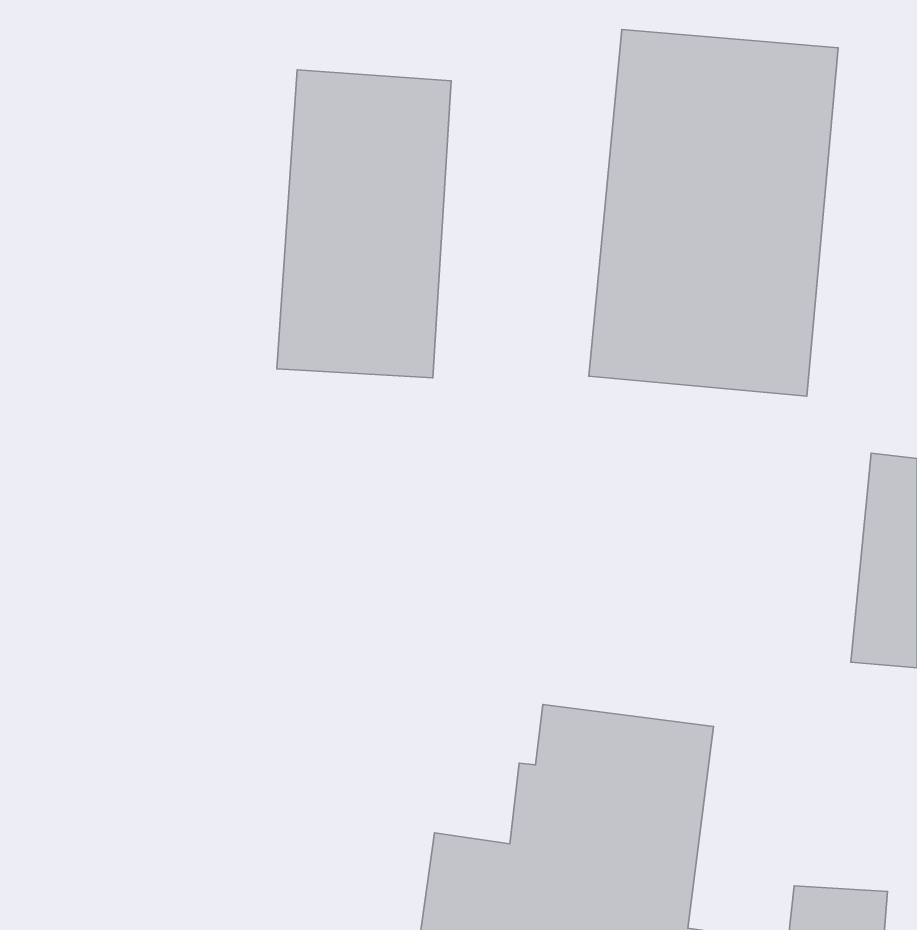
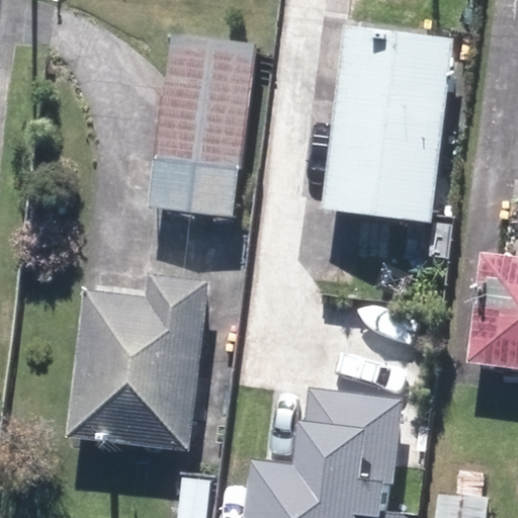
building: none -> [68,276,208,448]

